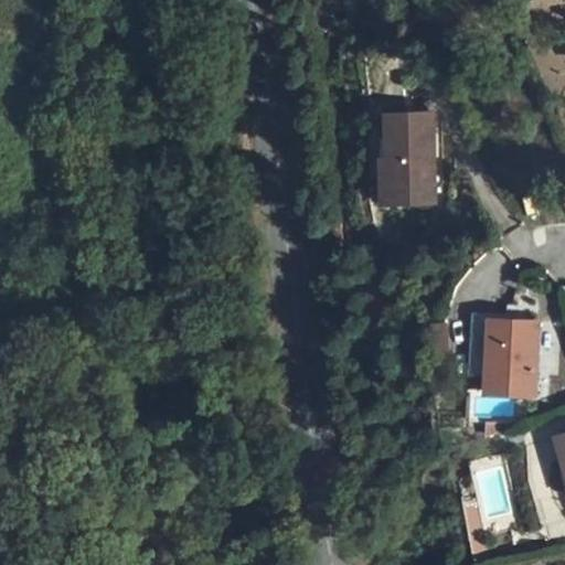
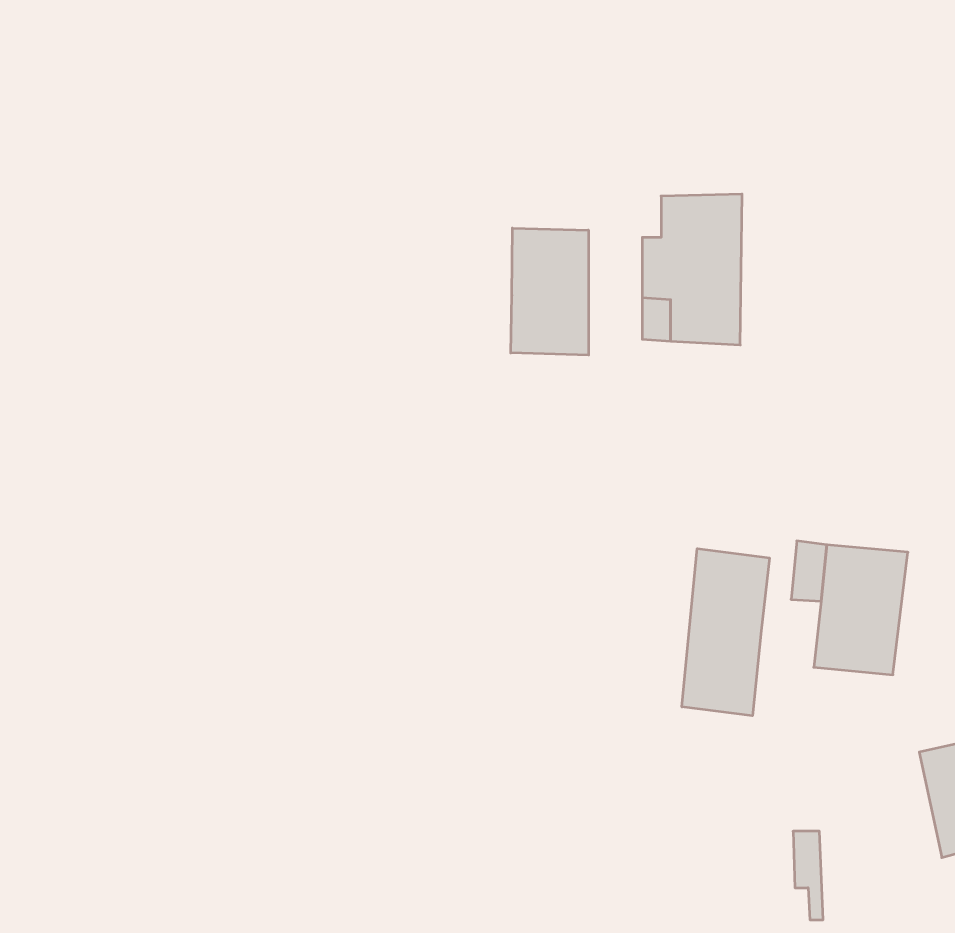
building: none -> [511,228,589,355]
building: none -> [682,549,769,716]

